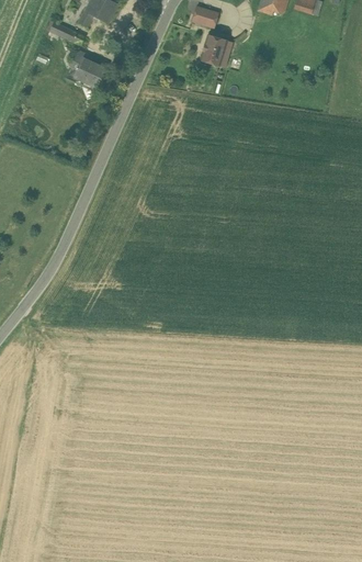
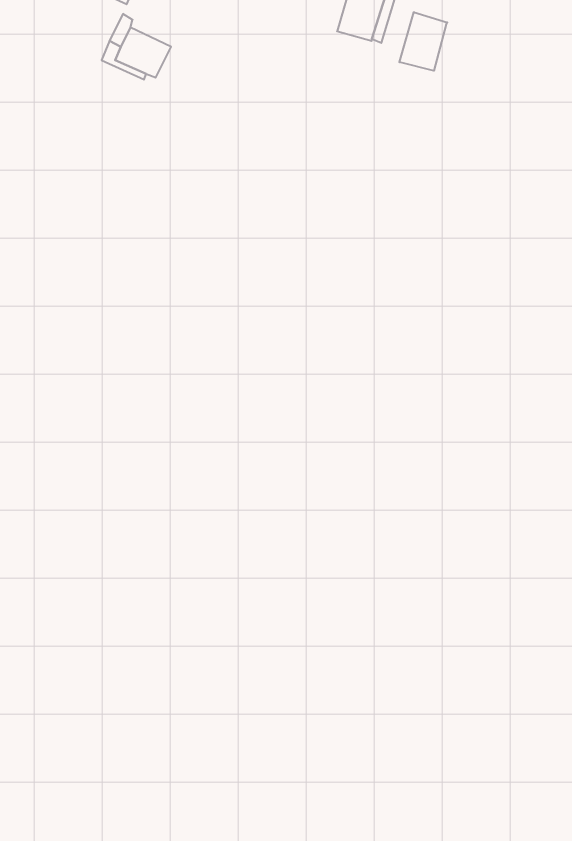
building: none -> [399,12,447,71]

